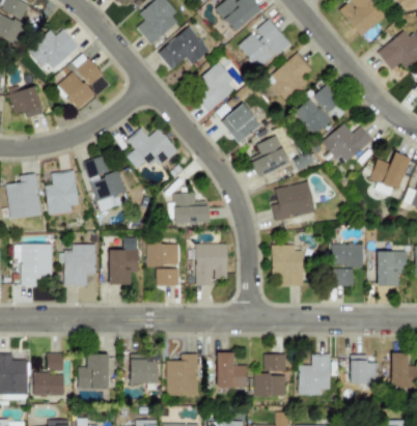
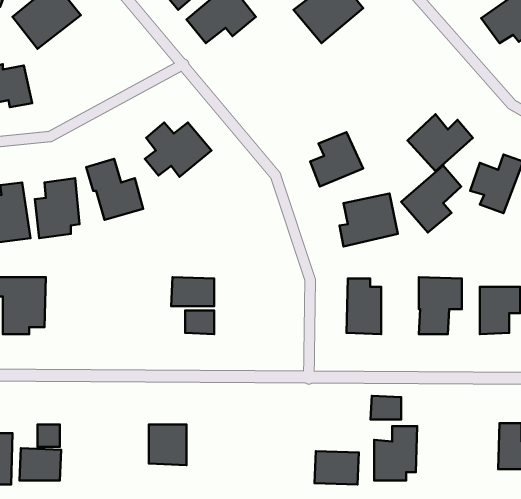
building: [58,53,103,109] -> none
building: [270,53,312,100] -> none
building: [195,63,238,112] -> none
building: [295,85,339,135] -> [401,166,461,232]
building: [221,104,260,143] -> none
building: [173,193,208,224] -> none
building: [59,244,95,285] -> none
building: [195,244,227,286] -> none
building: [108,249,139,284] -> none
building: [215,352,246,388] -> none
building: [78,353,109,389] -> none
building: [167,353,198,395] -> none
building: [262,353,285,371] -> [370,396,401,420]
building: [350,354,379,384] -> none

